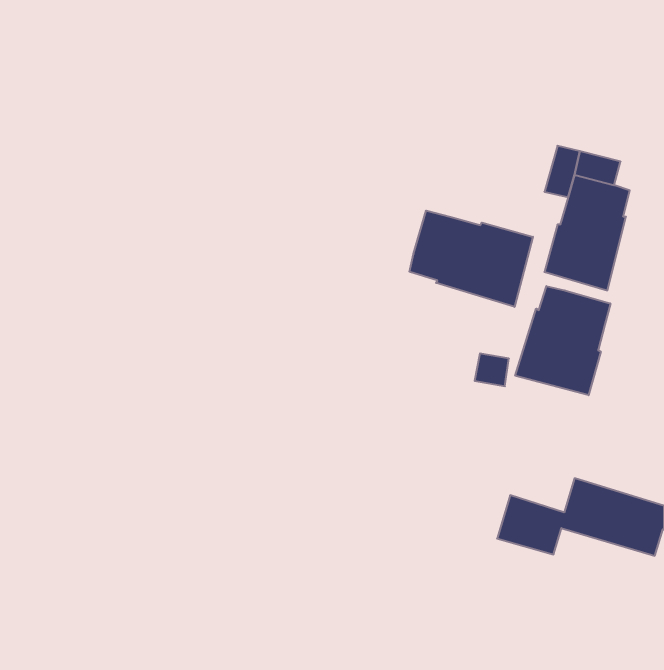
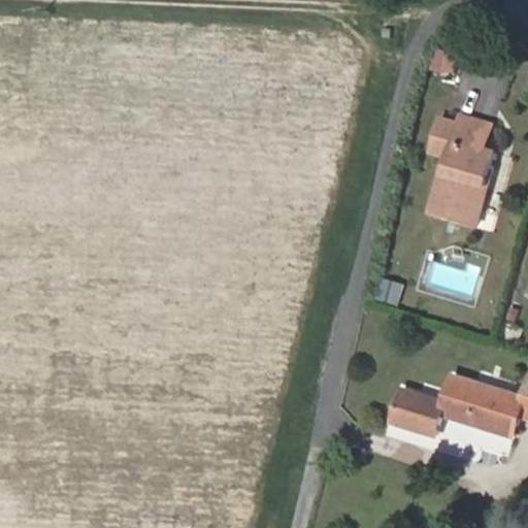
building: [409,211,533,307] -> none
building: [515,286,610,395] -> none

